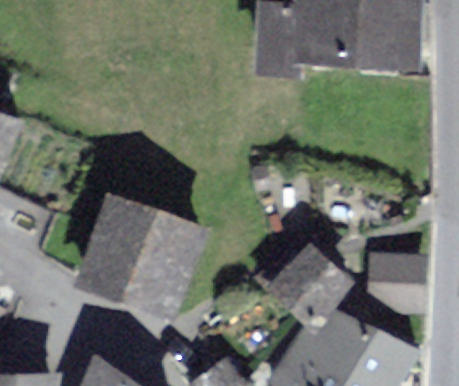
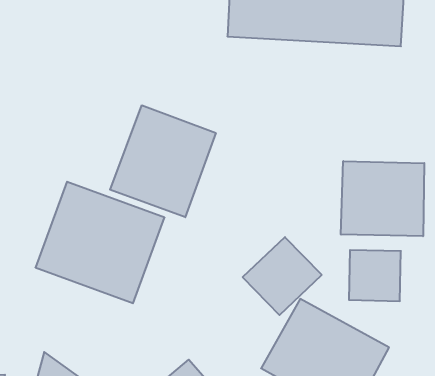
building: none -> [110,105,216,217]
building: none -> [341,161,424,236]

